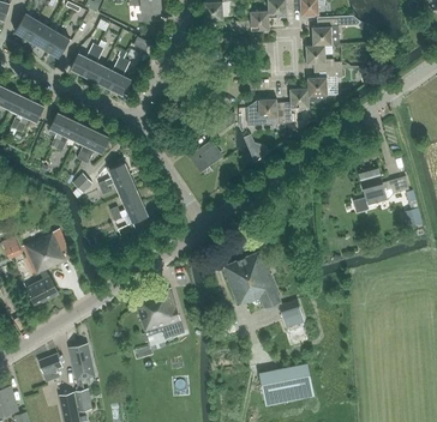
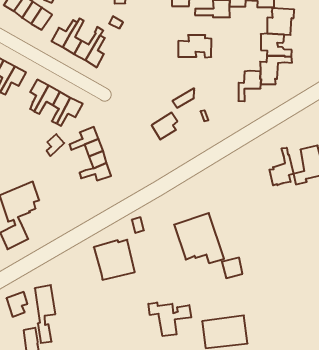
building: [247,100,286,126] -> [178,35,211,57]
building: none -> [269,148,293,185]
building: none -> [148,302,191,336]

